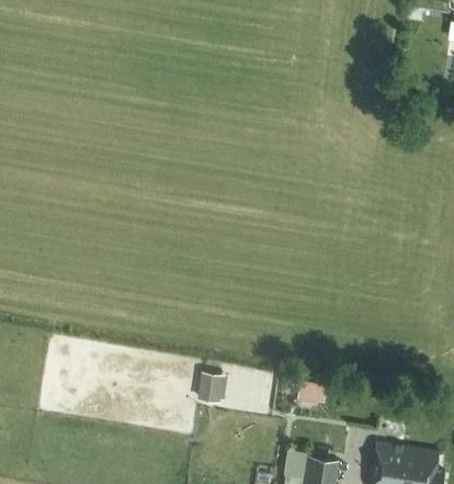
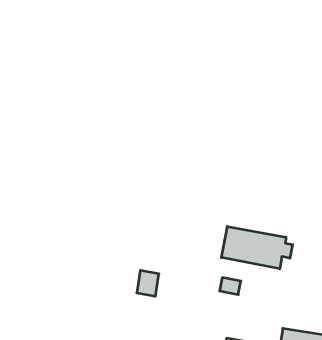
building: none -> [221,226,293,269]

